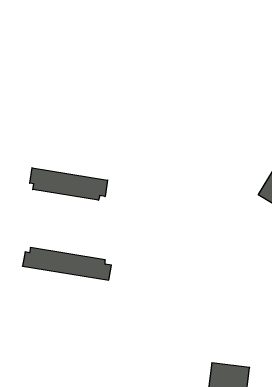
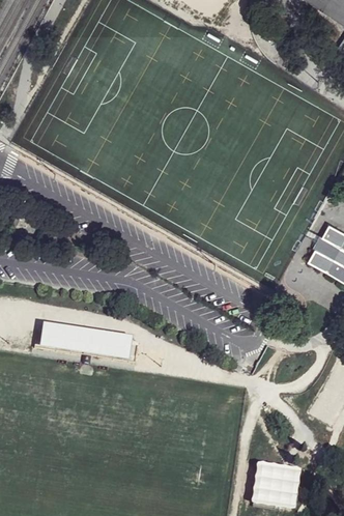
building: [30,168,108,200] -> none

